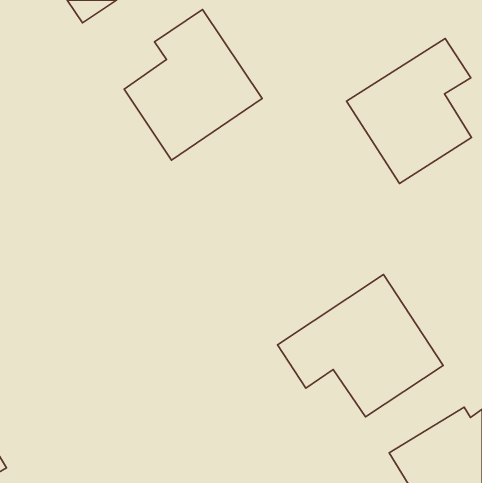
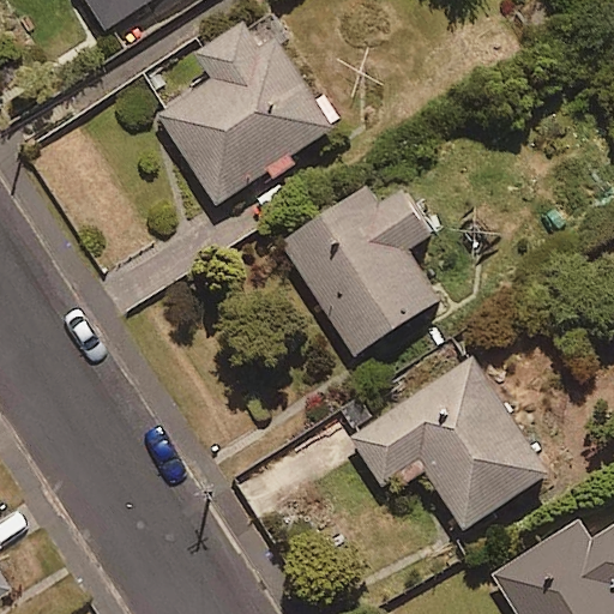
building: [347,38,472,184] -> none
building: none -> [279,170,437,354]

